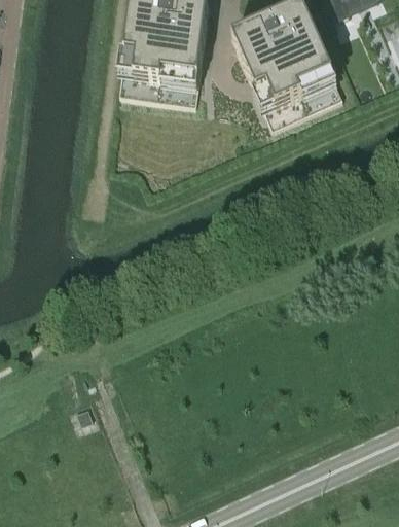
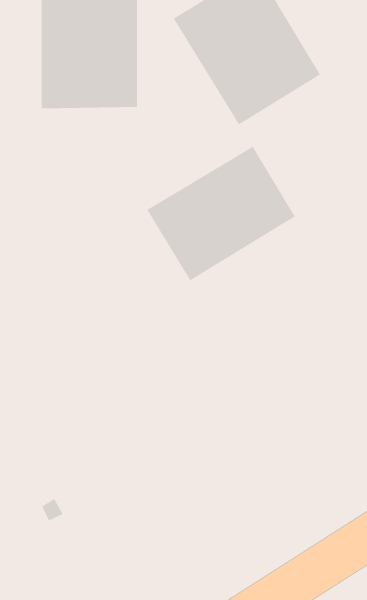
building: none -> [147,146,296,281]

